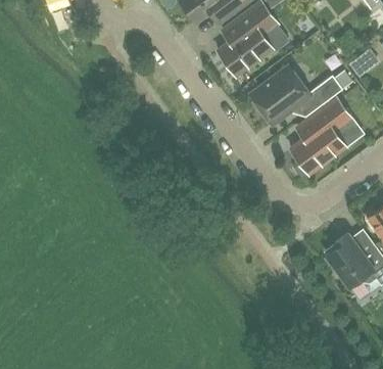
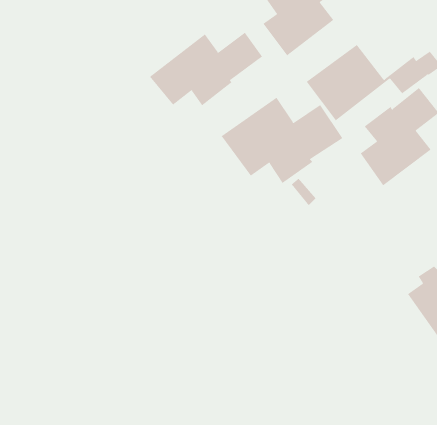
building: none -> [149,32,263,106]
building: none -> [221,97,343,184]

